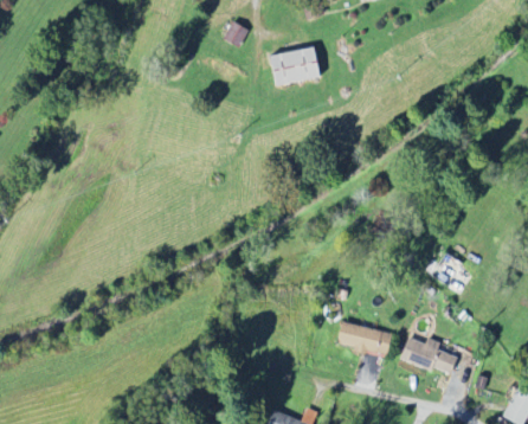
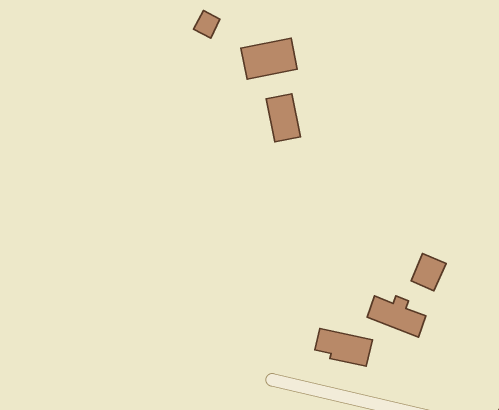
building: none -> [266,94,300,142]
building: [400,338,456,377] -> [367,296,426,337]

